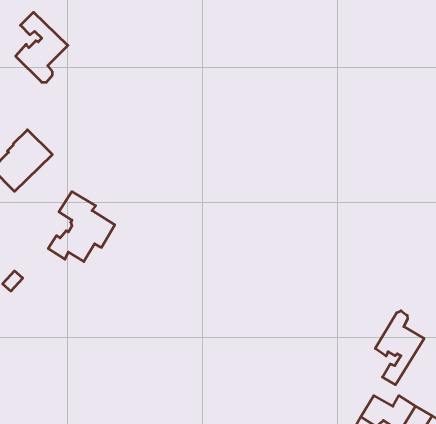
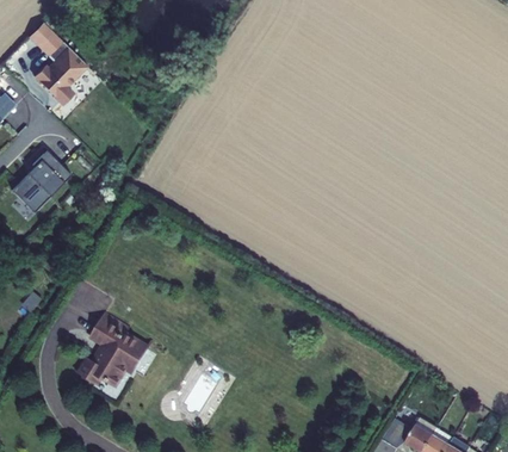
building: [48,192,115,262] -> [79,315,145,385]
building: [375,311,424,385] -> none

